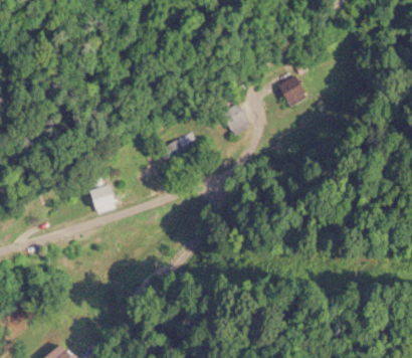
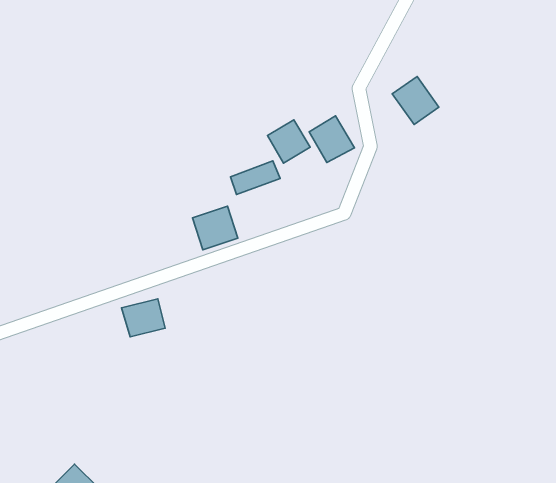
building: none -> [267,120,310,163]
building: [86,184,117,210] -> [121,299,165,337]

